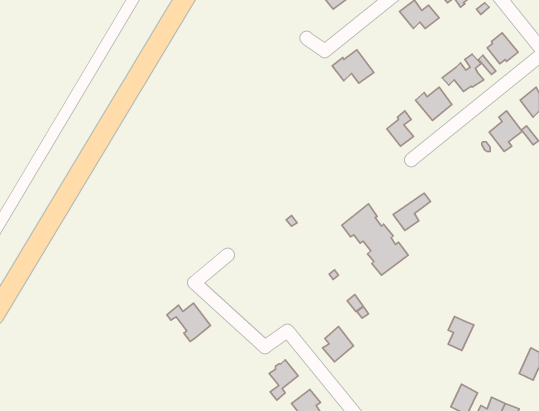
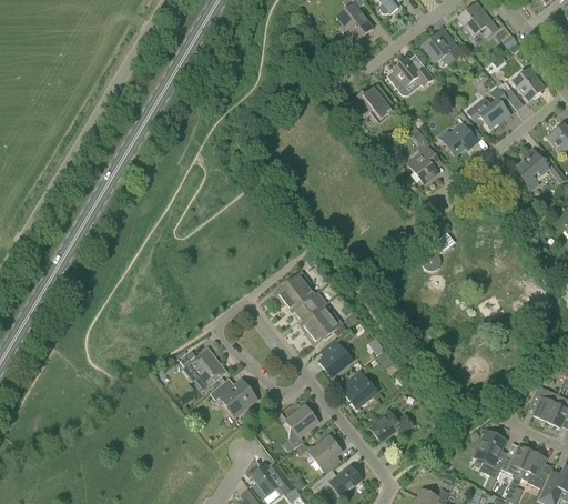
building: none -> [386,57,433,95]
building: [342,204,408,275] -> [273,270,342,344]
building: none -> [317,339,349,376]
building: [448,316,474,351] -> [531,384,558,420]
building: none -> [209,379,252,416]
building: none -> [369,411,413,440]

